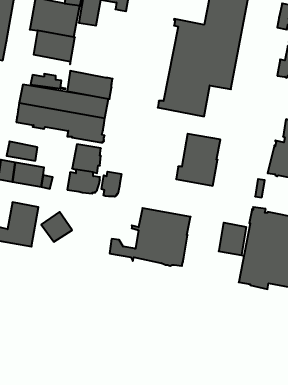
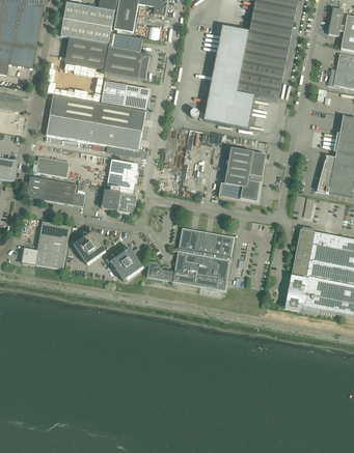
building: none -> [105,33,151,79]
building: [101,172,121,197] -> none
building: [219,223,246,256] -> none
building: none -> [111,248,144,280]

